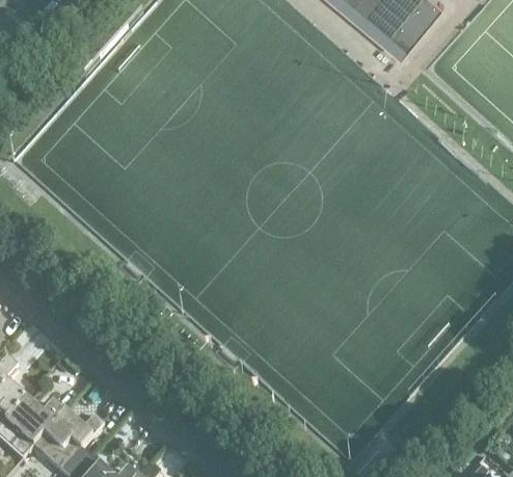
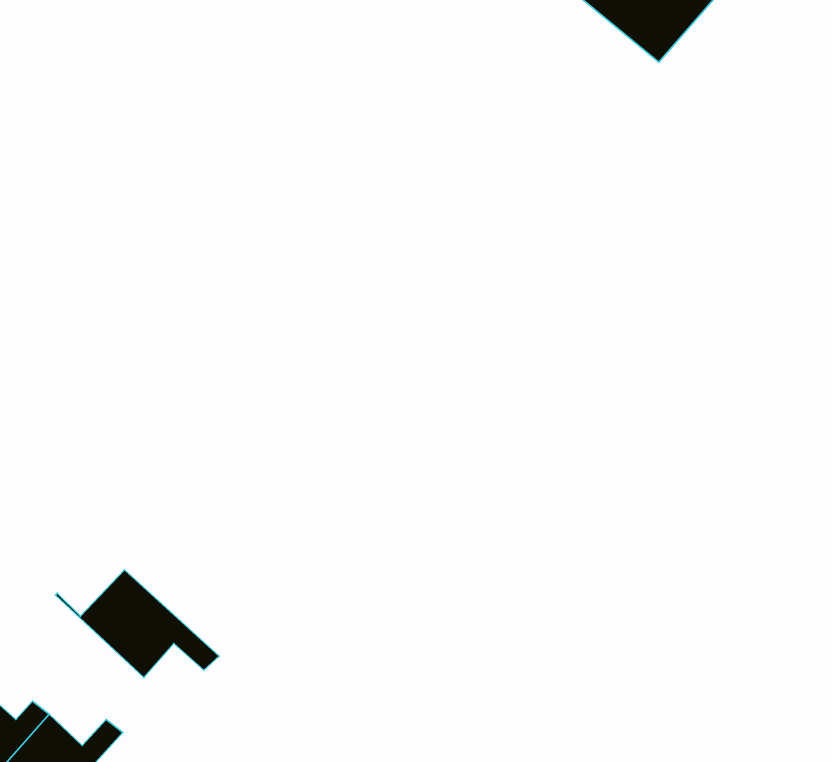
building: none -> [56,570,219,678]

